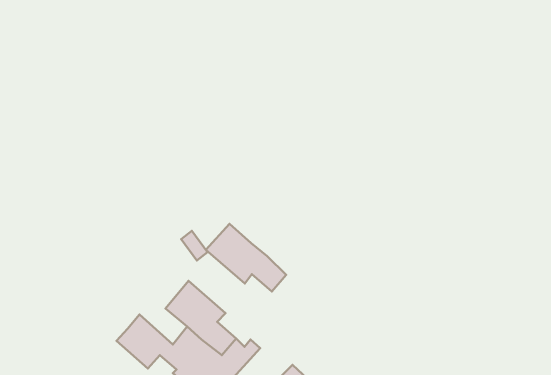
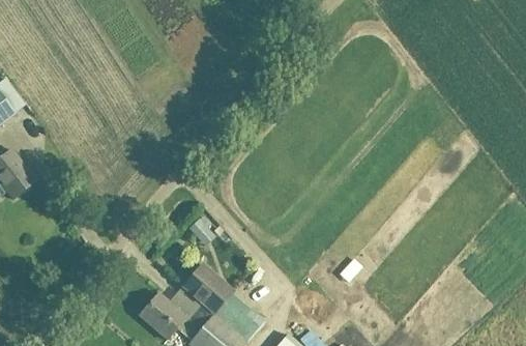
building: [206,224,286,291] -> none

